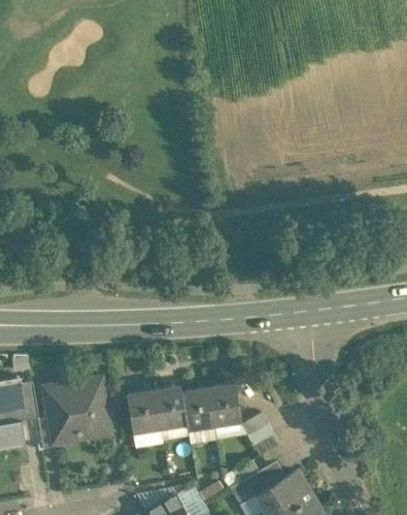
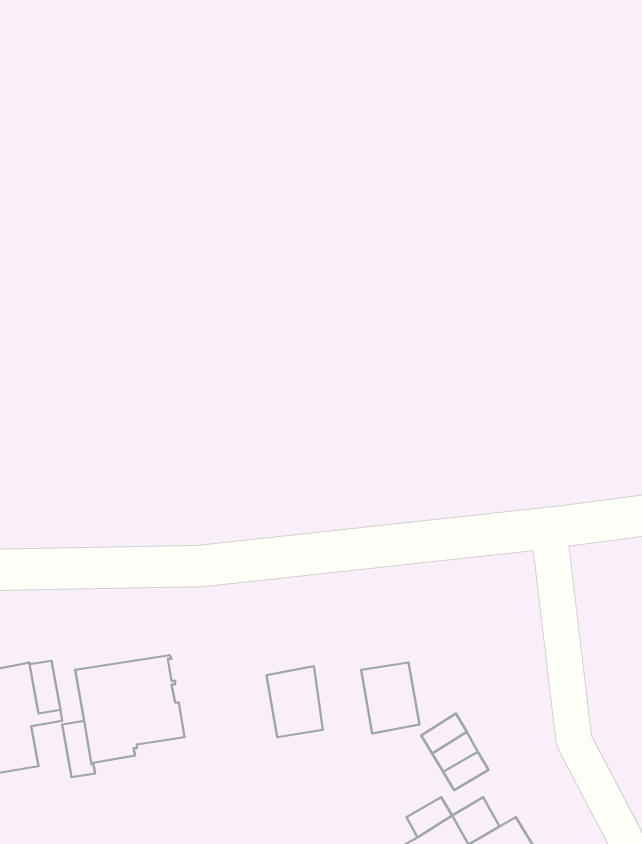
building: [182,389,214,429] -> none
building: [128,392,161,432] -> none

